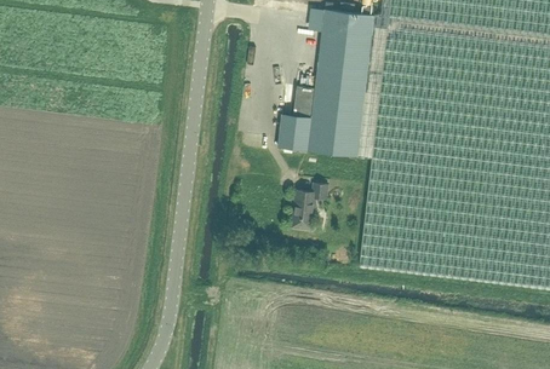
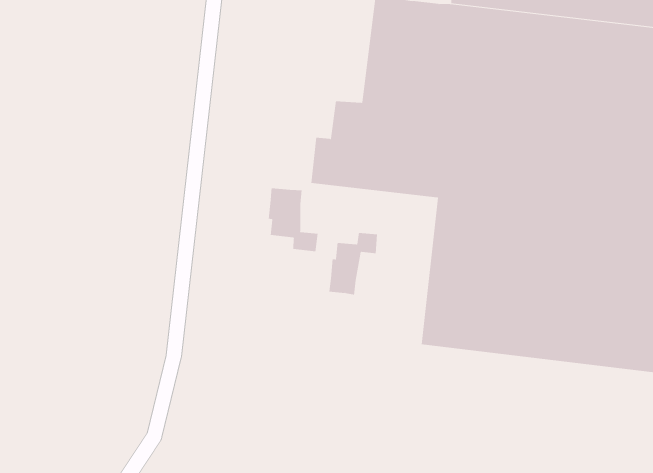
building: none -> [268,187,318,252]

